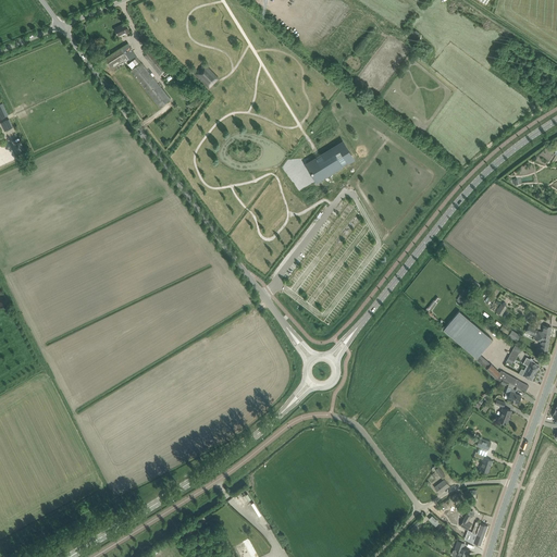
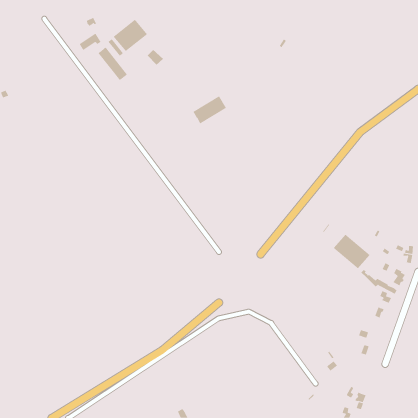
building: none -> [113,19,148,52]
building: [306,143,351,181] -> [193,95,227,124]

